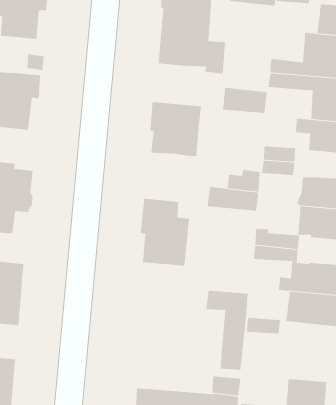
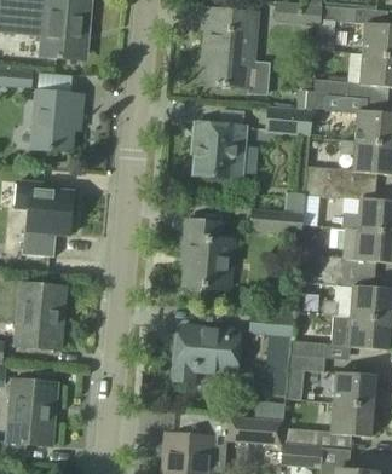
building: none -> [172,324,240,380]
building: none -> [287,354,324,398]
building: none -> [333,370,375,405]

